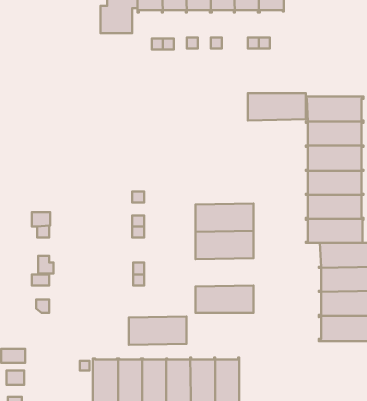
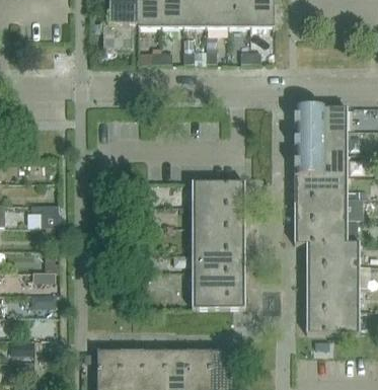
building: [248,93,306,120] -> [191,180,244,206]
building: [129,317,187,345] -> [191,255,244,282]

